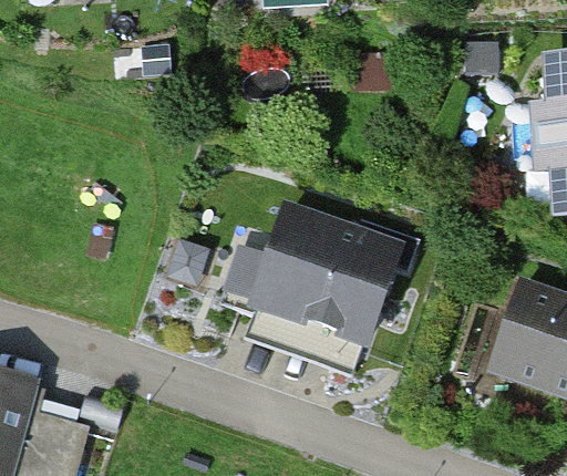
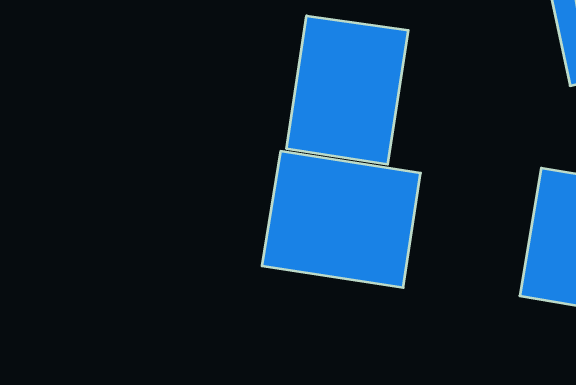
building: none -> [287,16,408,164]

